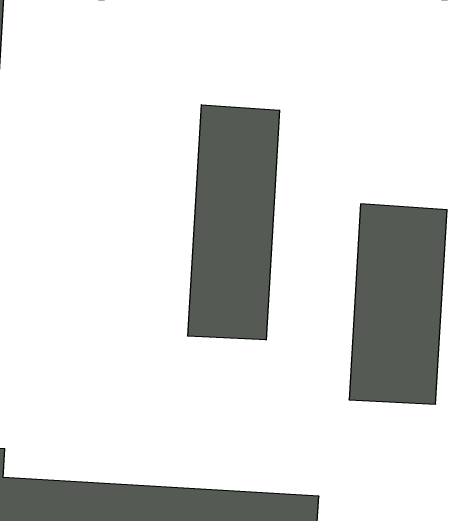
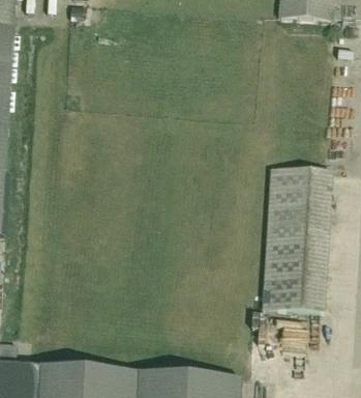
building: [188,105,280,340] -> none

